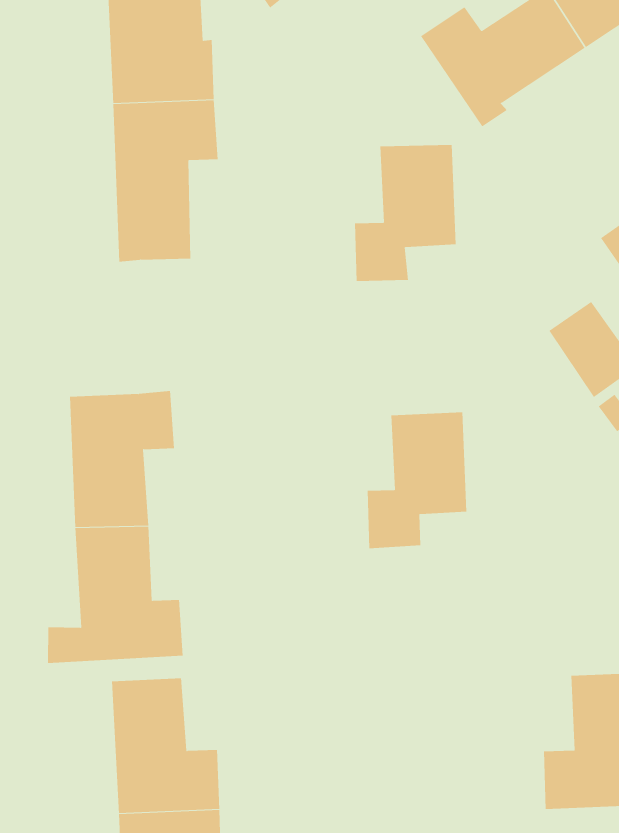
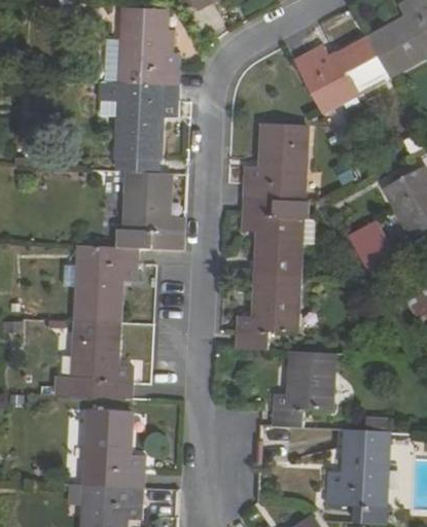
building: none -> [117,173,180,251]
building: none -> [244,197,308,276]
building: none -> [271,350,332,427]

